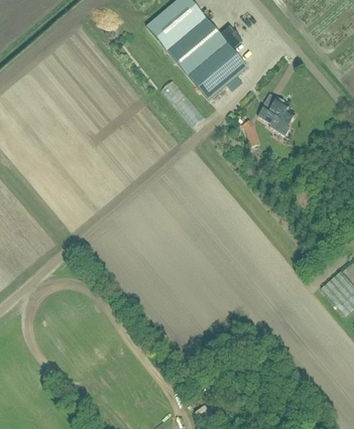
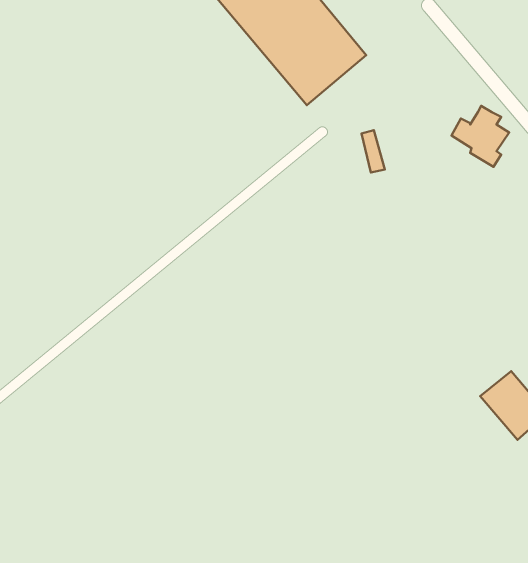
building: [257,96,294,135] -> [451,106,509,167]

